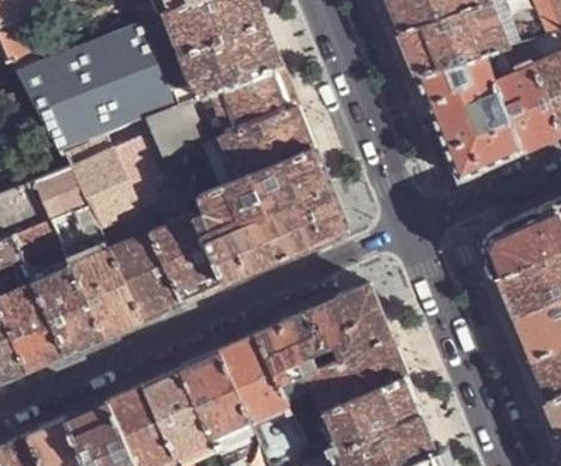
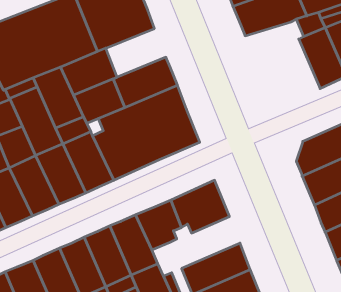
building: [415,55,524,181] -> none
building: [212,65,300,135] -> none
building: [306,338,408,413] -> none

